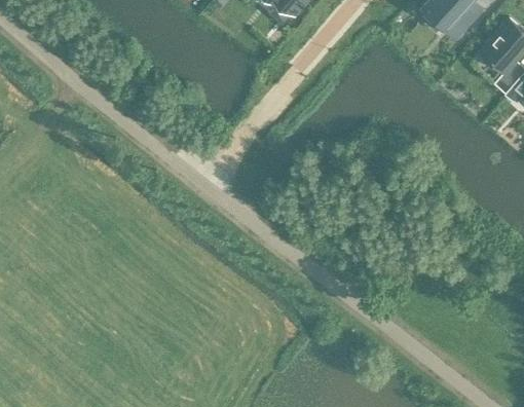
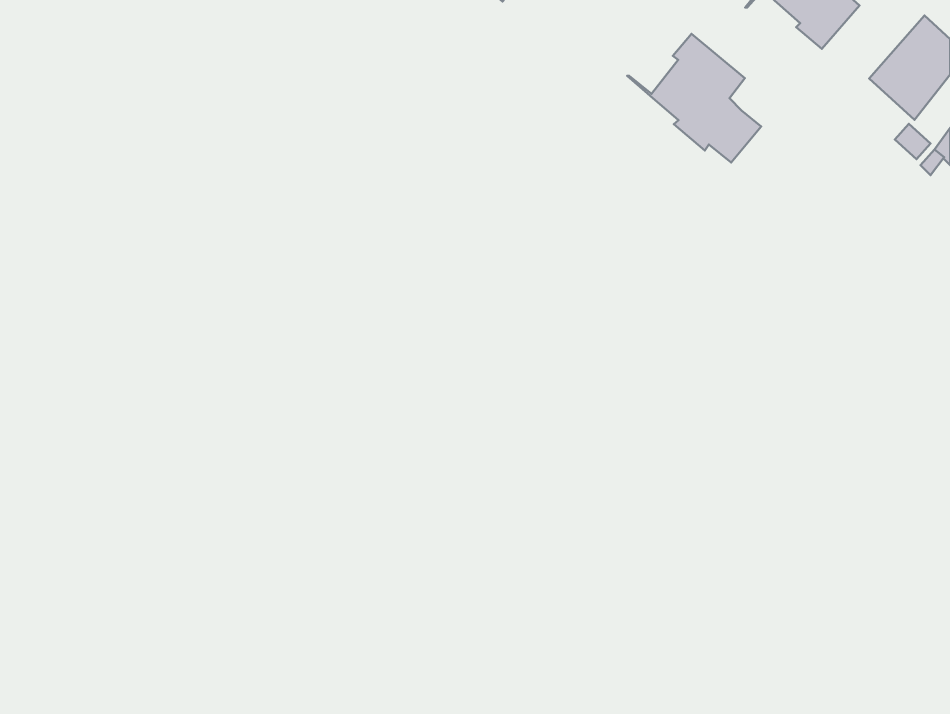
building: none -> [627,34,761,163]

